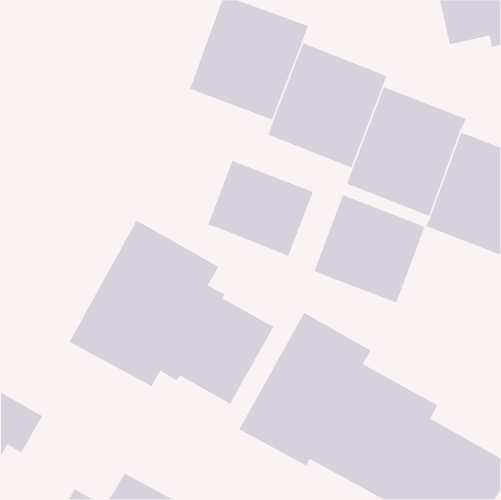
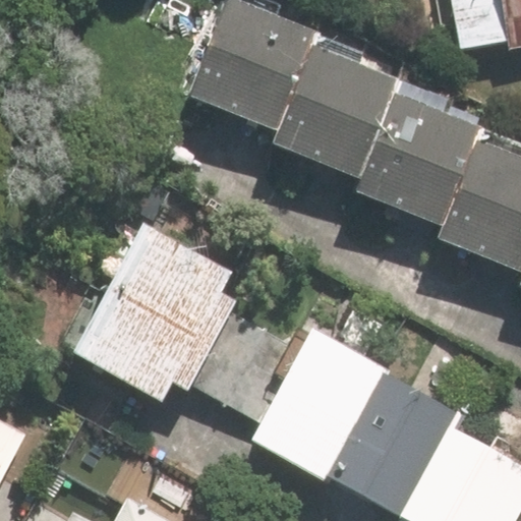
building: [207,160,314,257] -> none
building: [314,194,426,304] -> none

